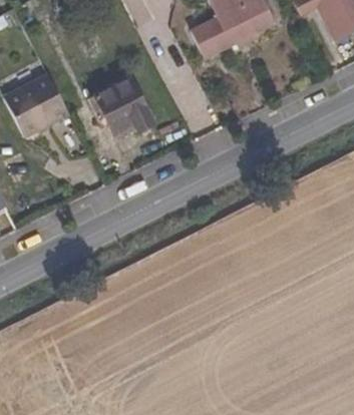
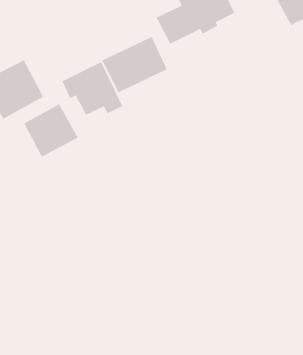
building: none -> [101,36,167,93]
building: none -> [24,104,79,158]

